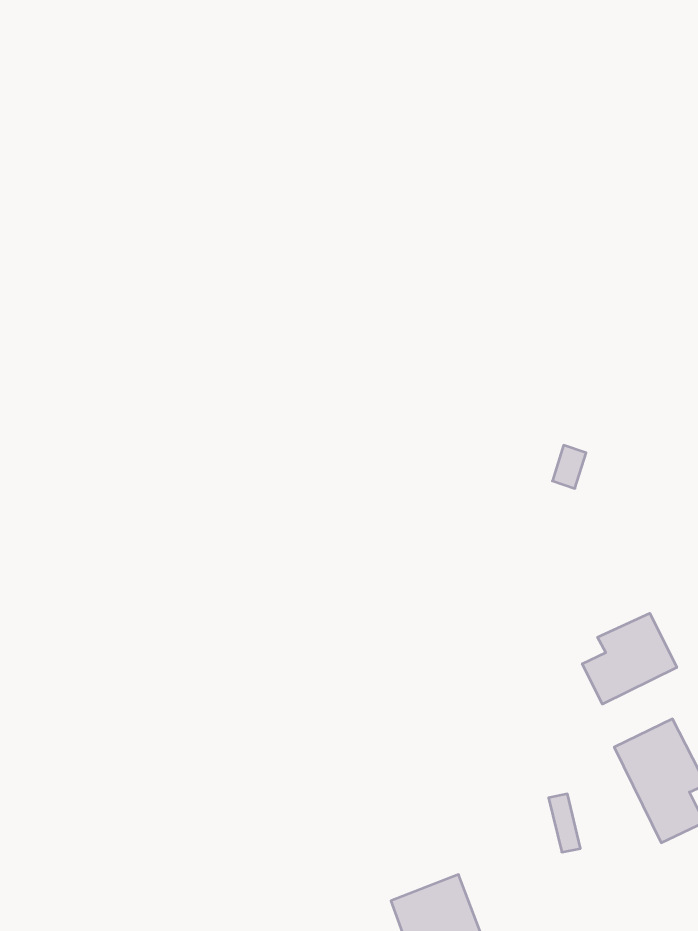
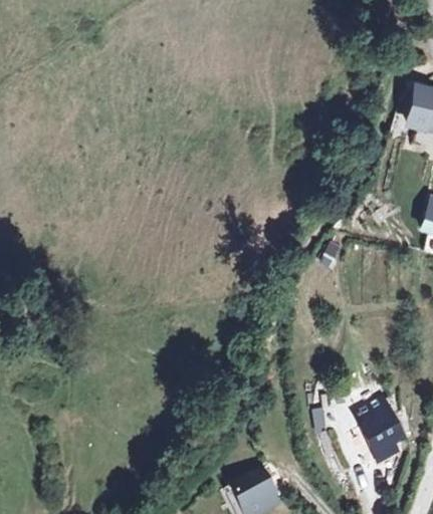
building: [582,613,677,704] -> none

